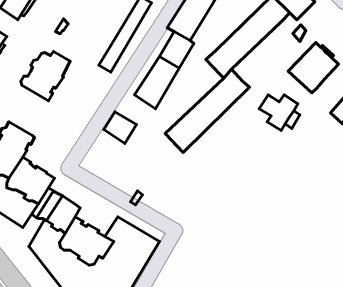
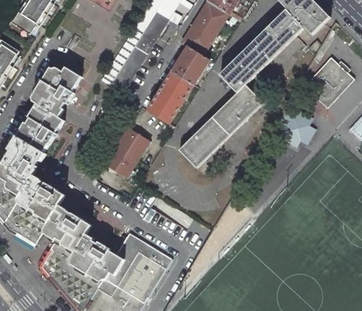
building: none -> [20,103,65,151]
building: none -> [104,145,137,177]

